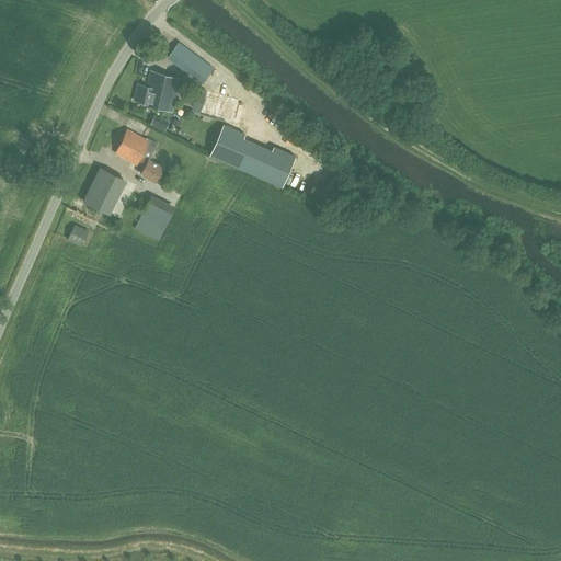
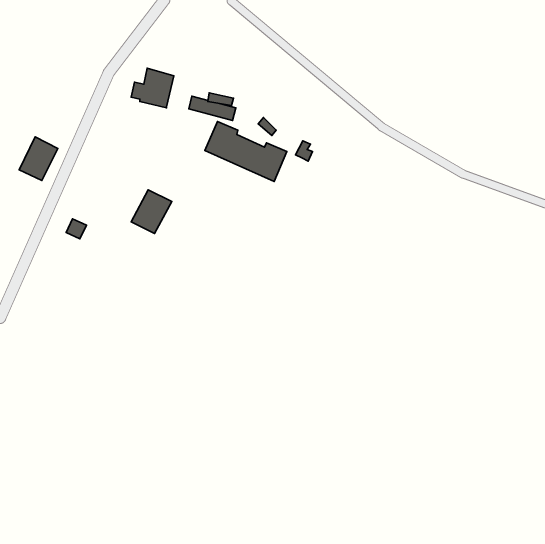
building: [168,43,213,83] -> none
building: [115,129,163,182] -> none
building: [83,168,123,213] -> [19,137,58,181]

